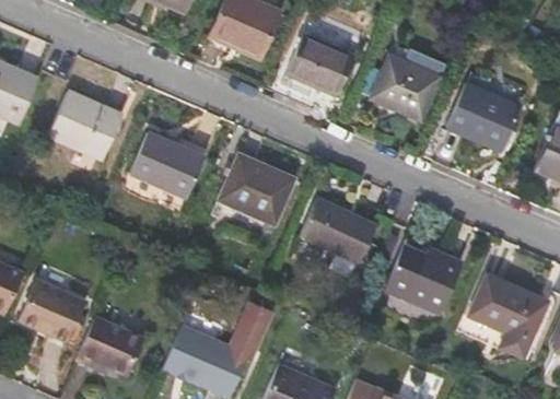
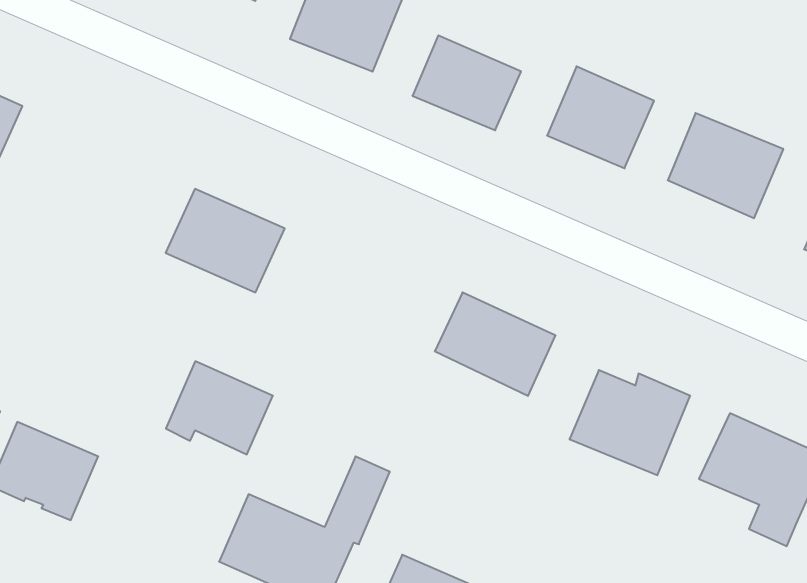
building: [48,92,122,159] -> none
building: [219,154,295,225] -> none
building: [77,317,144,376] -> [166,361,273,454]

